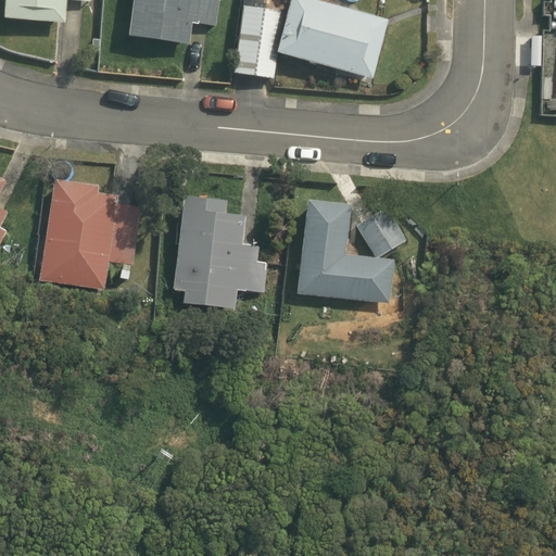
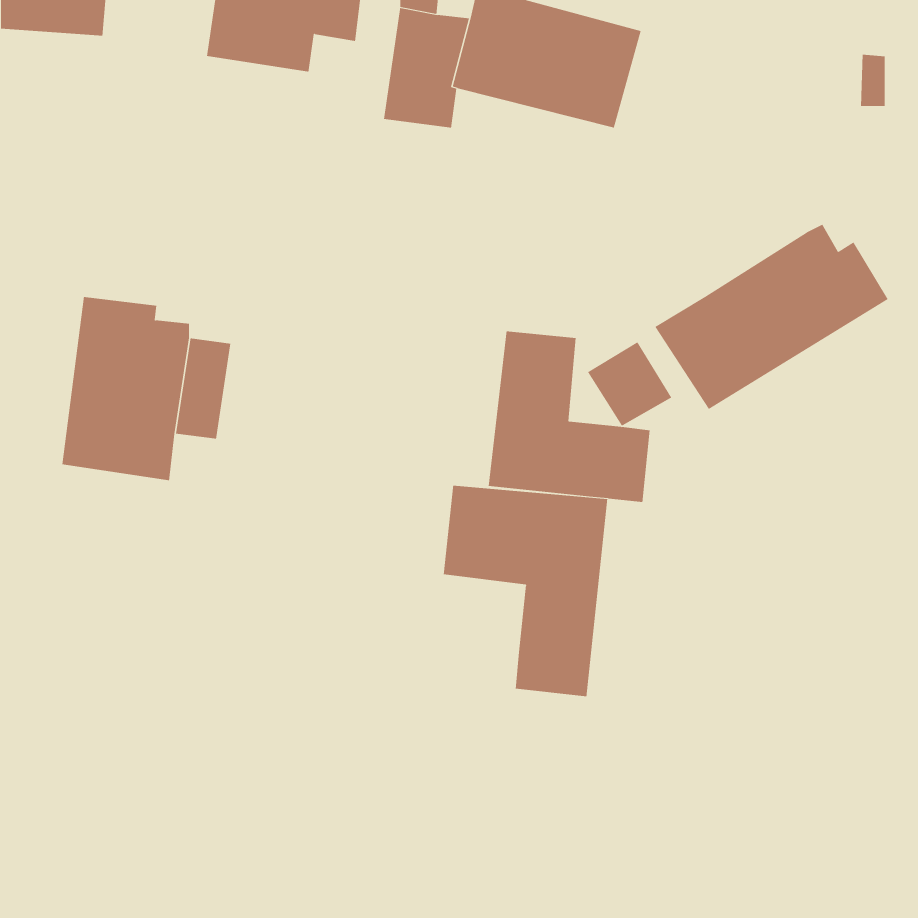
building: none -> [654,224,888,410]
building: [173,195,269,307] -> none
building: none -> [443,485,608,697]

